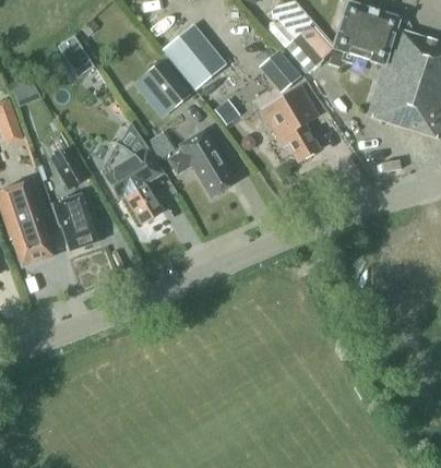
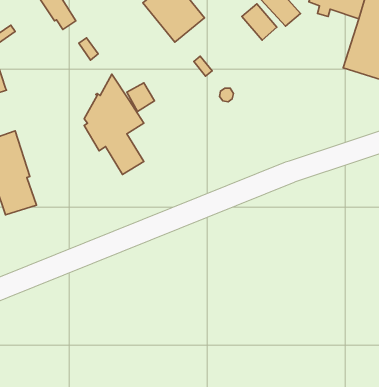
building: [144,58,191,109] -> none
building: [262,85,320,161] -> none
building: [168,129,235,195] -> none
building: [49,144,88,189] -> none
building: [53,193,100,250] -> none

